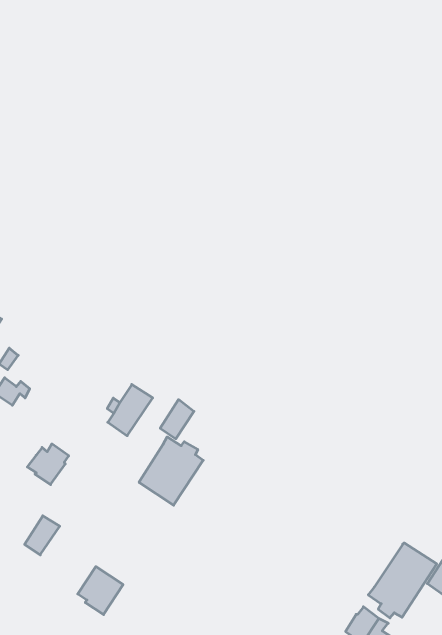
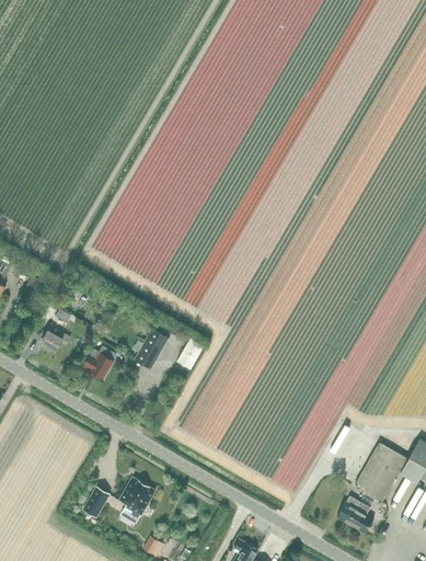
building: [139,437,203,505] -> none
building: [27,444,69,485] -> [84,345,117,378]
building: [25,516,60,555] -> [83,486,111,518]

